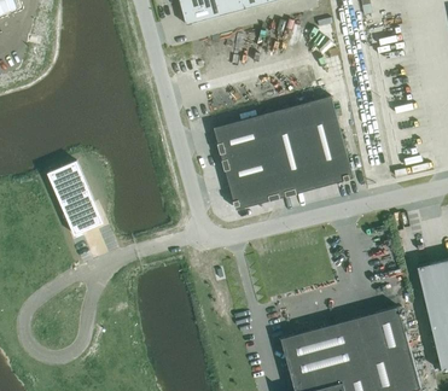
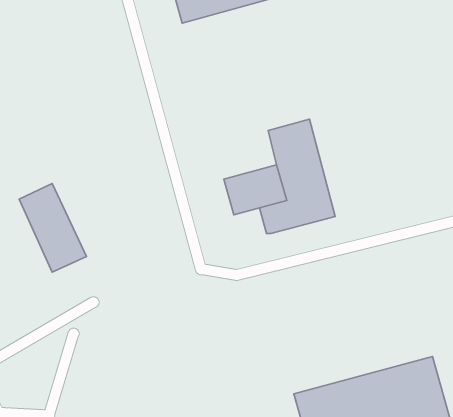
building: [295,95,353,187] -> none
building: [215,115,267,156] -> none
building: [231,180,258,208] -> none

